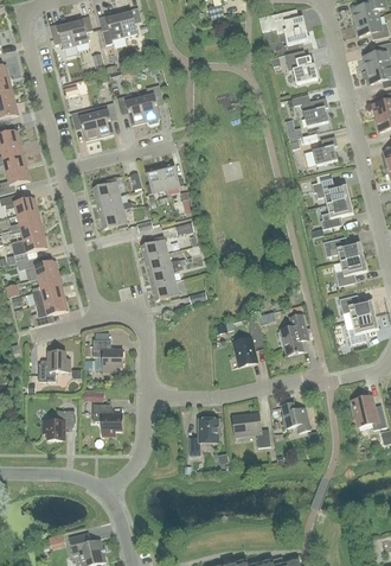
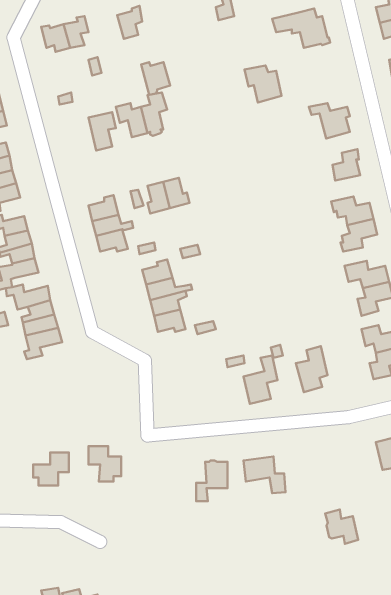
building: [97,14,123,44] -> [141,62,170,95]
building: [283,50,316,83] -> [245,66,281,102]
building: [70,107,98,140] -> none
building: [92,339,122,371] -> none
building: [38,351,69,381] -> none
building: [280,401,309,432] -> [325,510,358,544]

